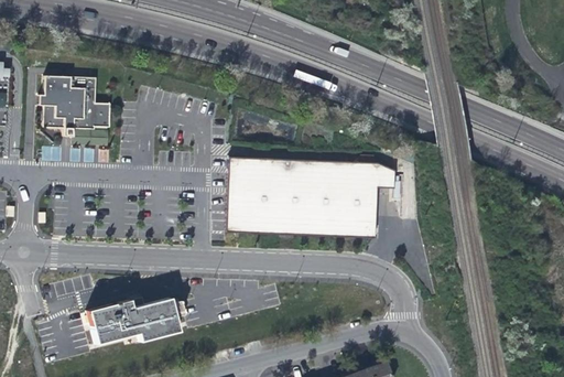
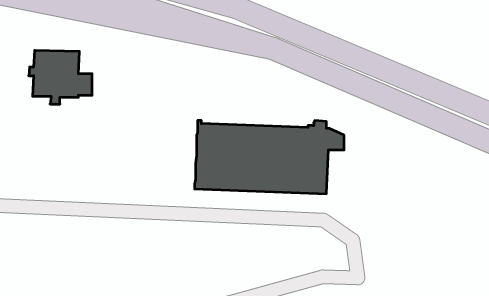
building: [87,294,185,344] -> none

